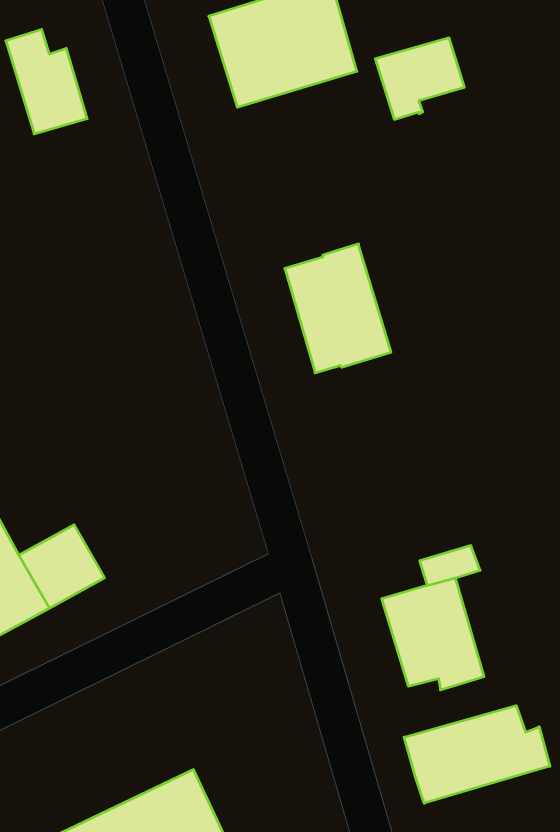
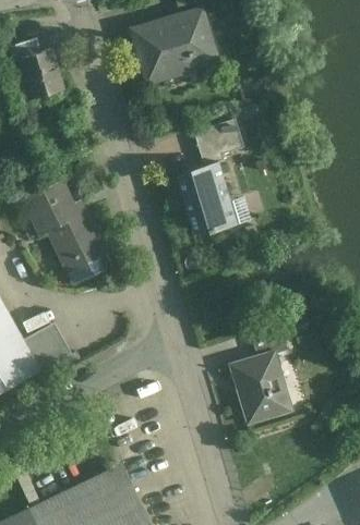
building: [375,38,464,119] -> [193,119,244,166]
building: none -> [23,180,115,285]
building: [404,706,550,803] -> none

